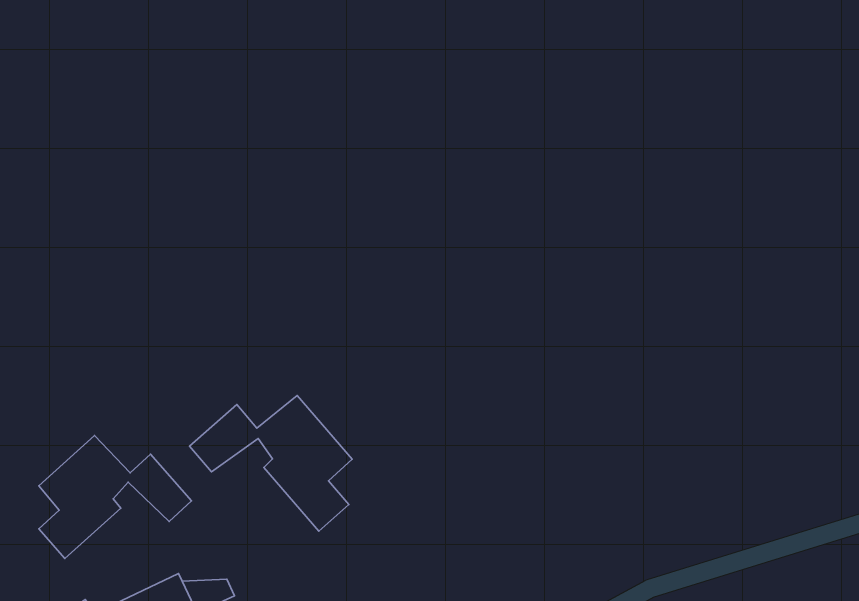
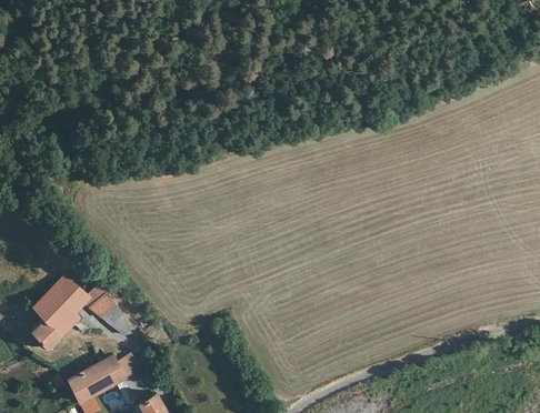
building: [190,395,352,531] -> none

